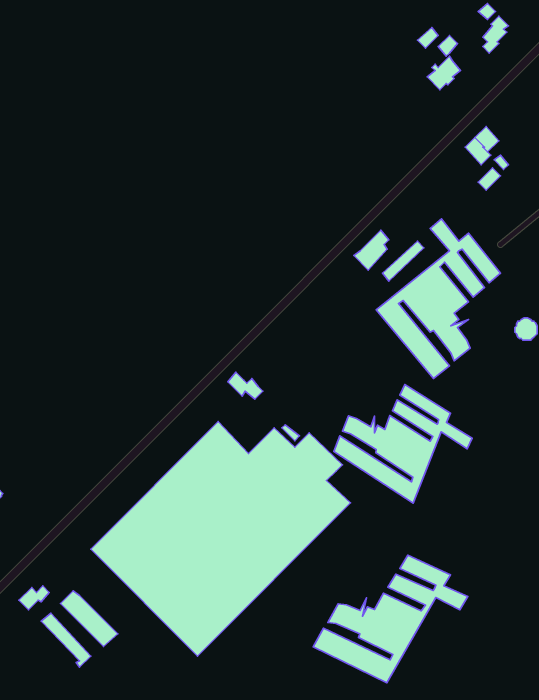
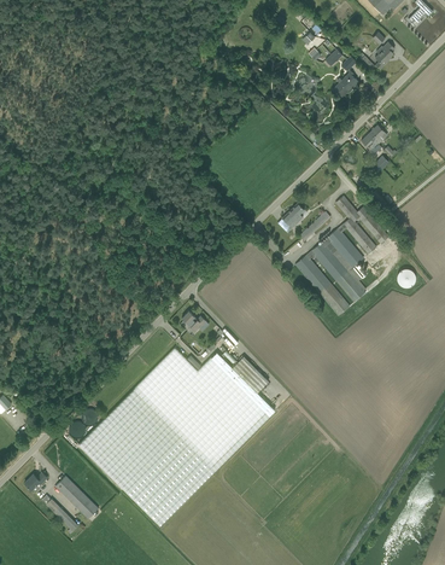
building: [334,384,472,503] -> none
building: [313,555,468,683] -> none

